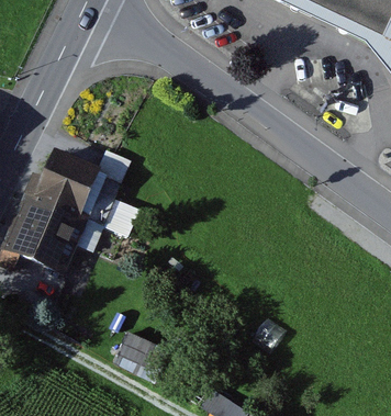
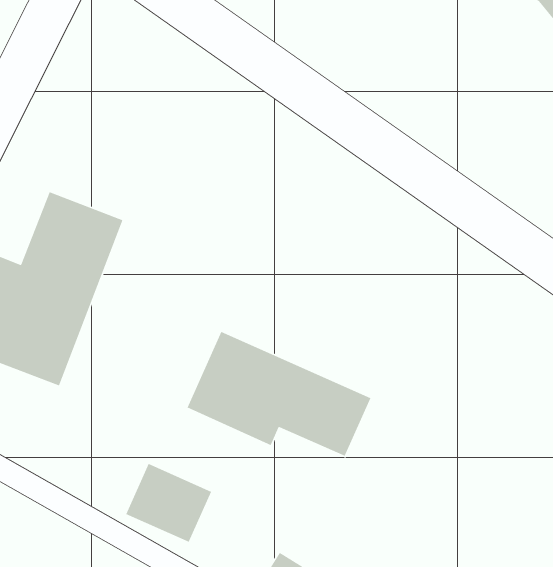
building: none -> [187,331,371,457]

